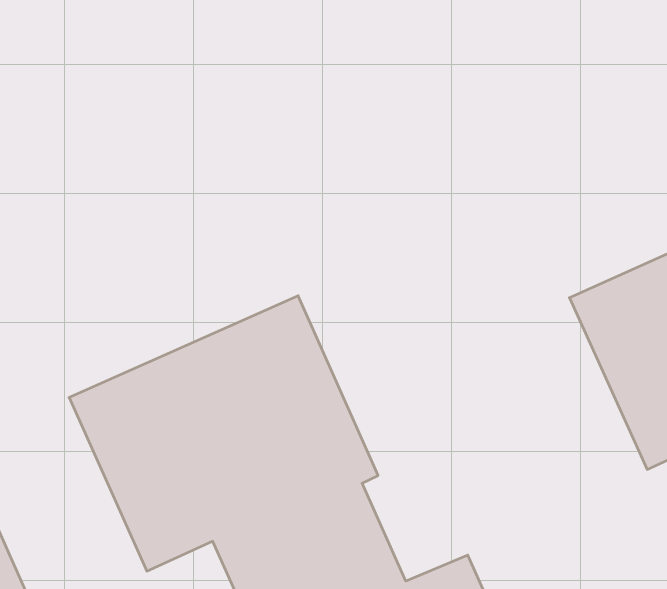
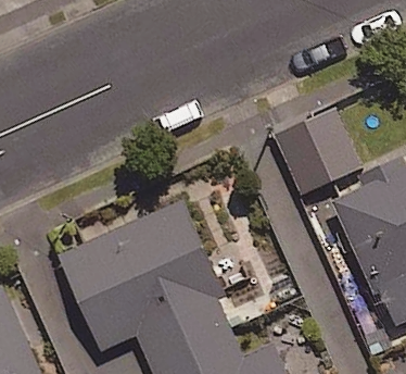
building: none -> [277,114,357,196]

